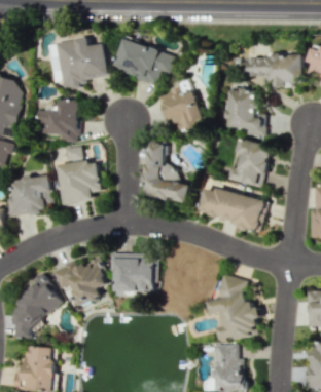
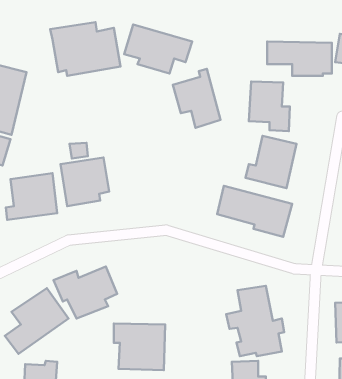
building: [37,100,78,141] -> none
building: [142,142,188,198] -> none
building: [109,252,155,295] -> [114,324,165,370]

